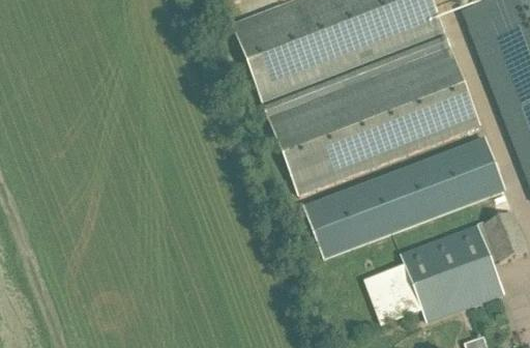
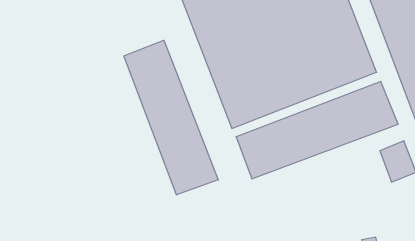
building: none -> [124,40,218,195]
building: [365,224,503,325] -> none

